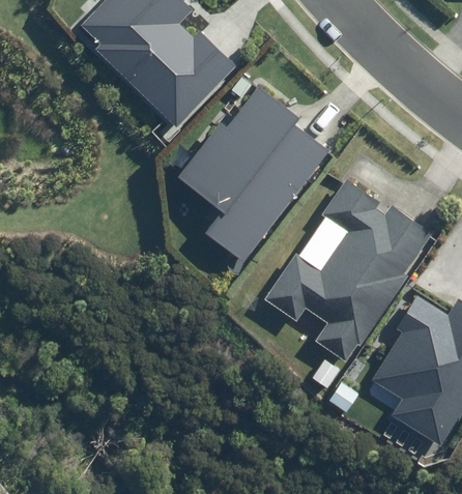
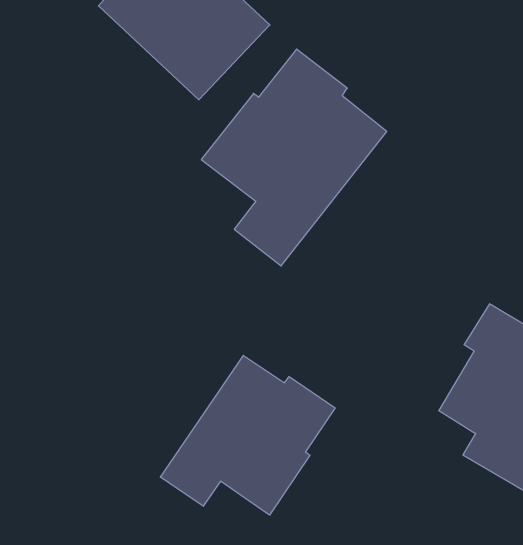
building: [261,178,430,360] -> none
building: none -> [160,355,335,515]

